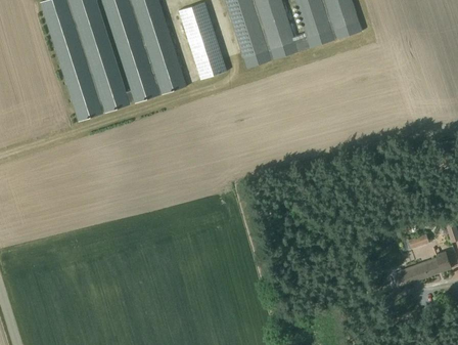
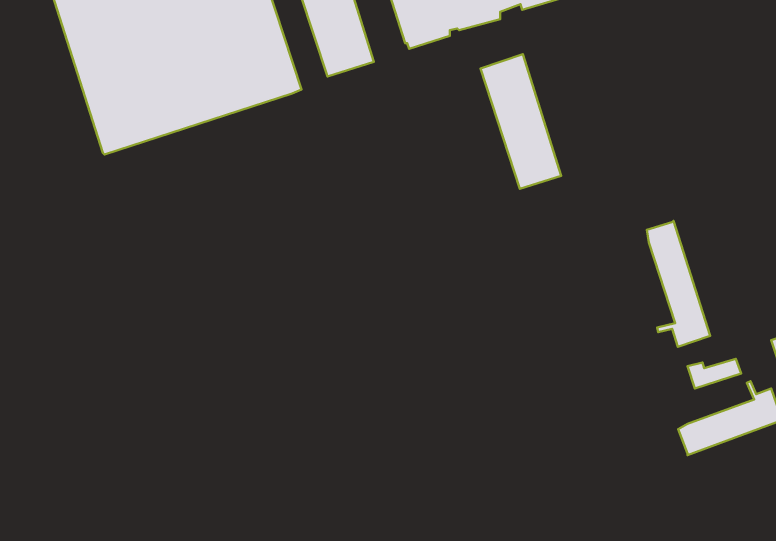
building: none -> [480,54,561,189]
building: none -> [647,221,710,347]

